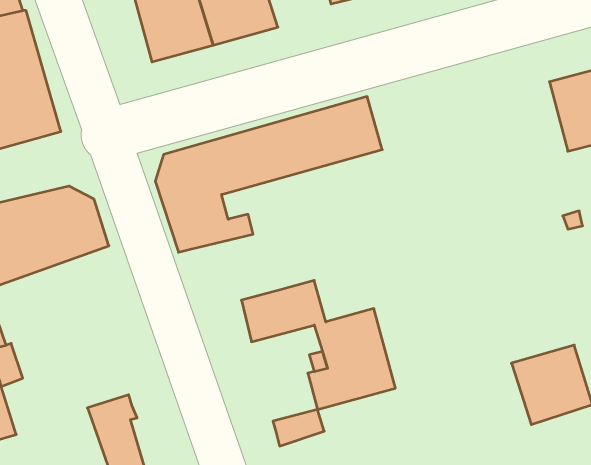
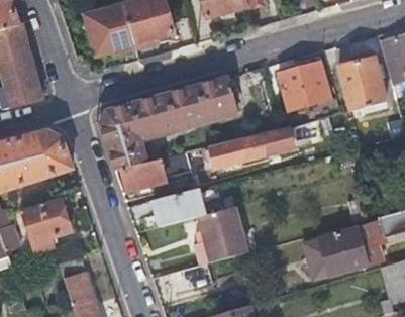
building: none -> [277,62,331,110]
building: none -> [209,119,315,167]
building: none -> [121,152,190,191]
building: none -> [19,198,70,253]

